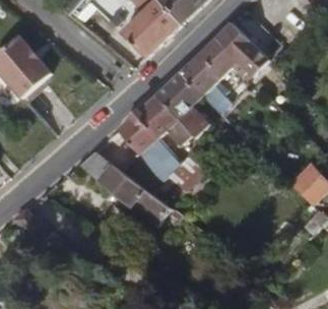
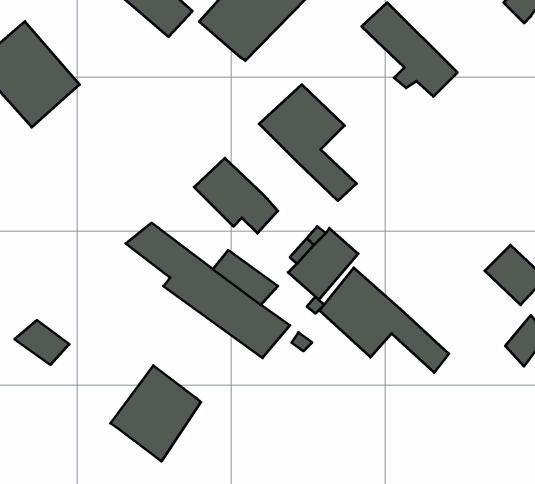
building: [182,36,247,116] -> none
building: [136,94,179,136] -> none
building: none -> [320,268,449,373]
building: none -> [110,365,201,461]

